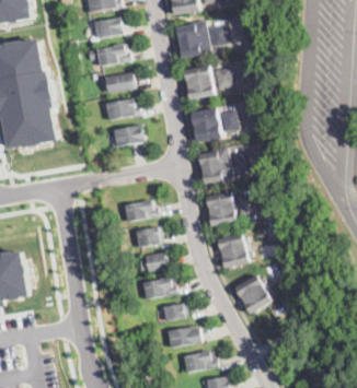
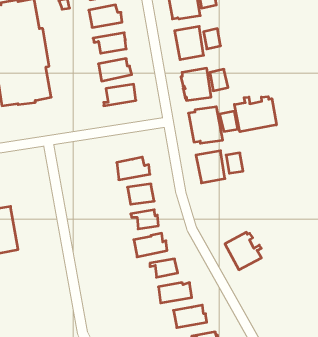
building: none -> [234,97,276,132]
building: [218,234,252,269] -> none

